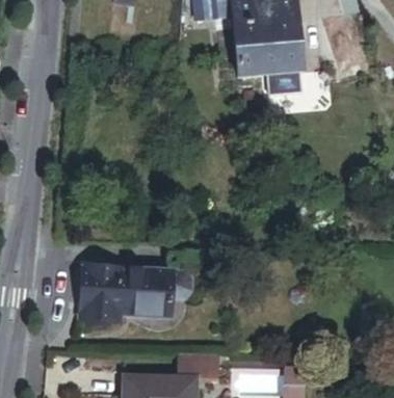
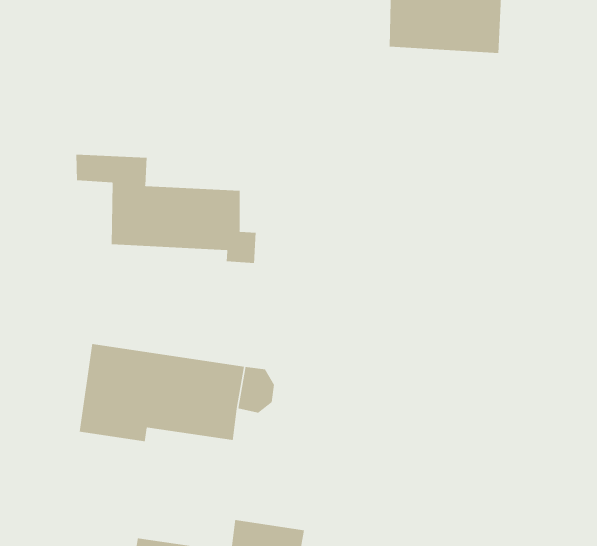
building: none -> [76,154,256,264]

